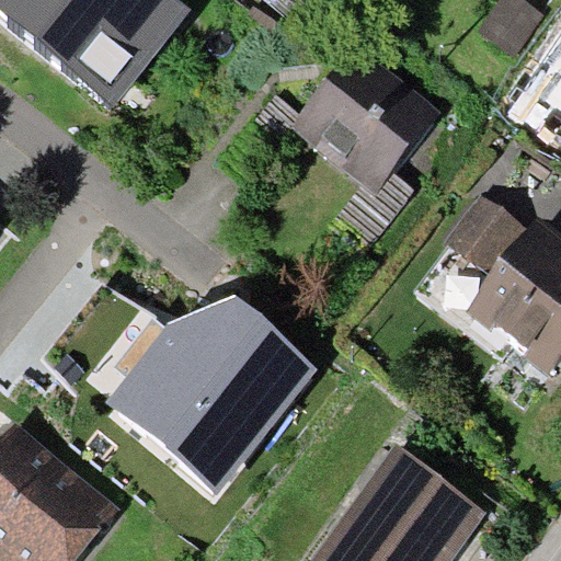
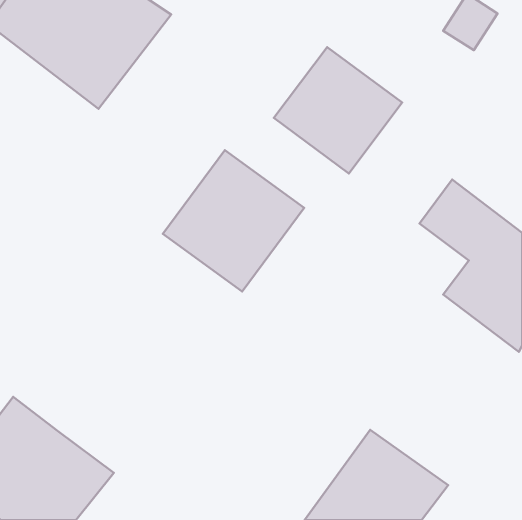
building: none -> [163,150,304,292]
building: [104,296,322,494] -> none

